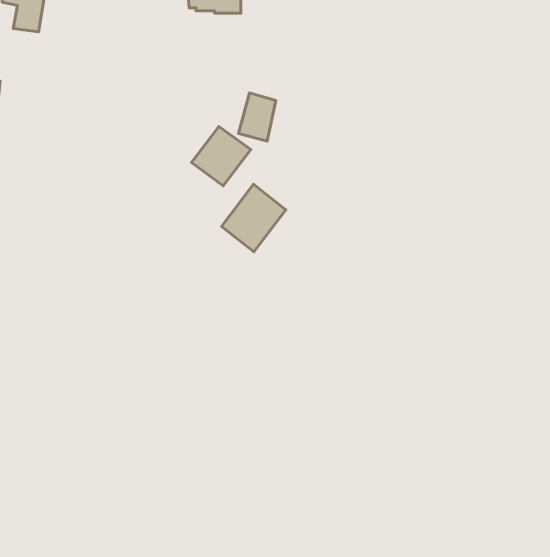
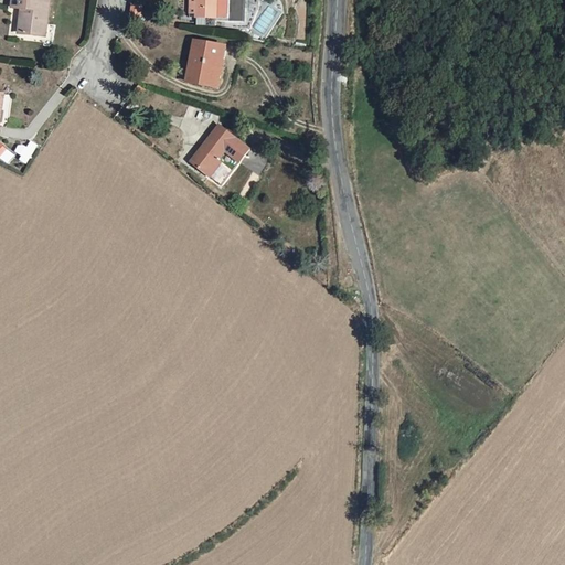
building: [238,93,276,141] -> [184,34,222,83]
building: [222,184,286,252] -> none

